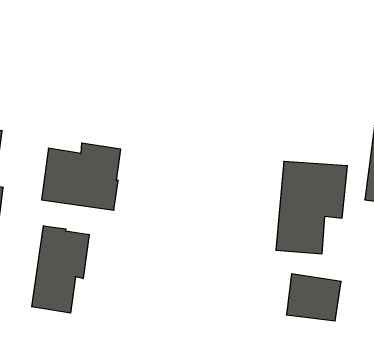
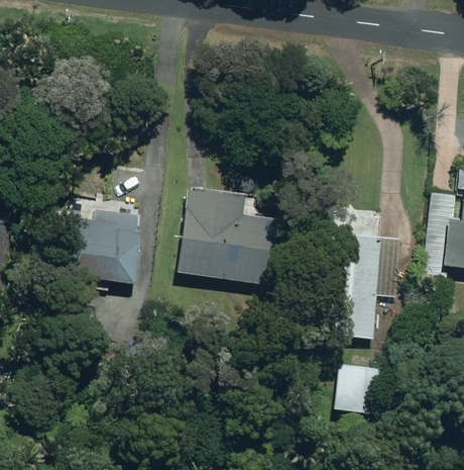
building: none -> [177,188,280,284]
building: [32,226,89,313] -> none

